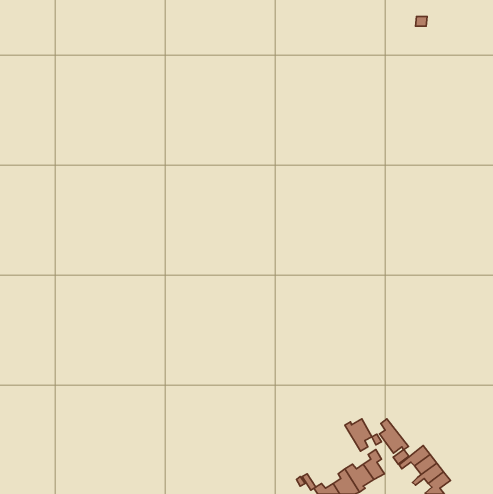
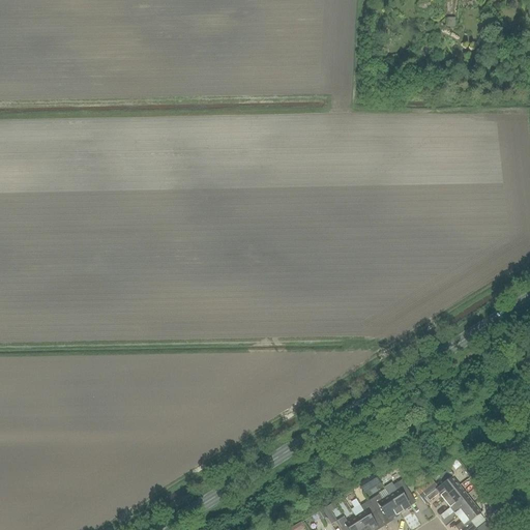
building: [345,419,372,451] -> none
building: [379,419,408,453] -> none

